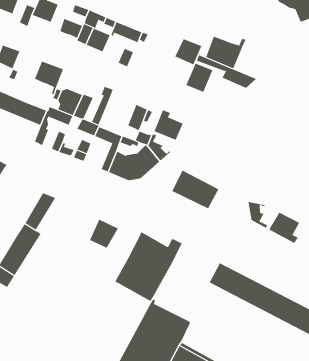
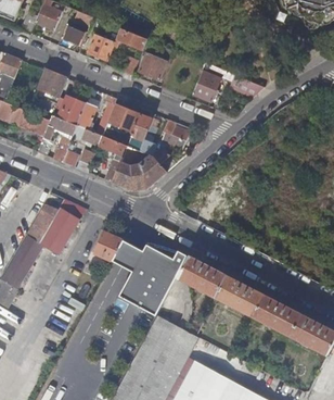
building: [205,36,246,69] -> none
building: [175,38,202,65] -> [138,52,166,79]
building: none -> [107,103,140,137]
building: [172,170,219,209] -> [177,255,226,296]
building: none -> [38,208,78,254]
building: [248,201,300,244] -> none
building: none -> [111,240,142,271]

